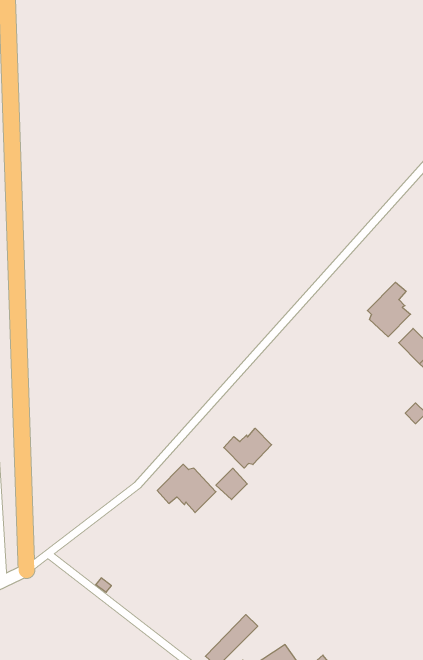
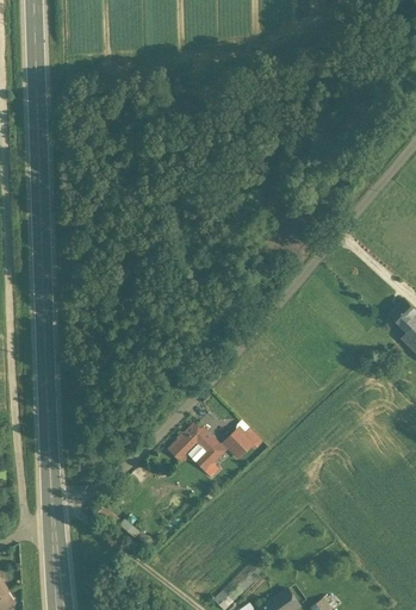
building: [367,282,411,337] -> none
building: [224,428,272,468] -> none

